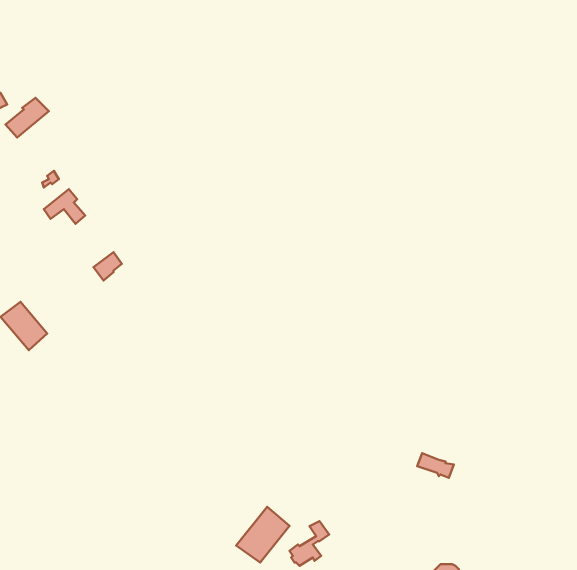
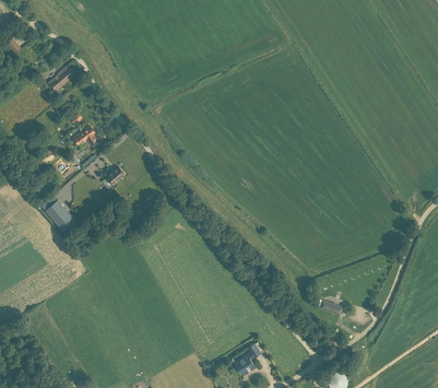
building: [236,507,289,562] -> none

